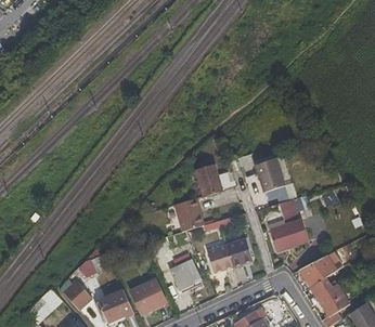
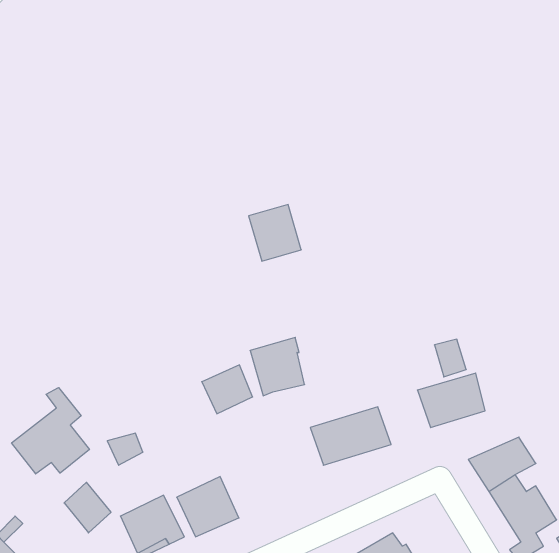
building: [254,158,284,192] -> none
building: [192,165,222,197] -> [249,205,301,261]
building: none -> [12,388,89,474]
building: [169,260,198,288] -> [202,365,253,414]

